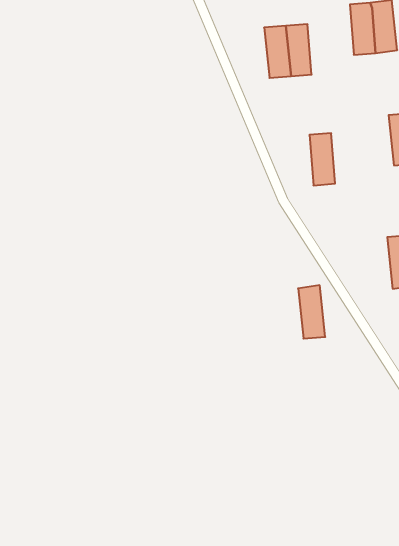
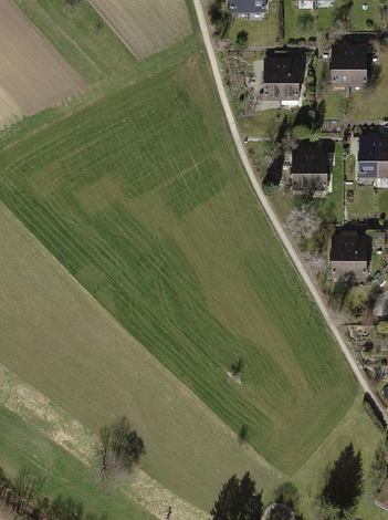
building: none -> [308,148,326,190]
building: [298,285,325,339] -> [329,237,348,279]

